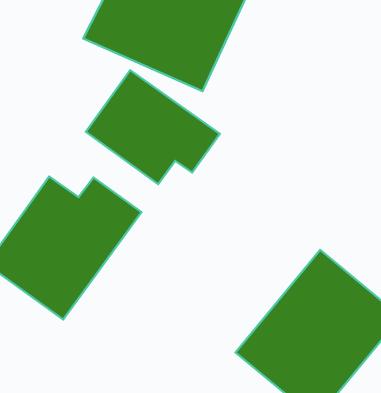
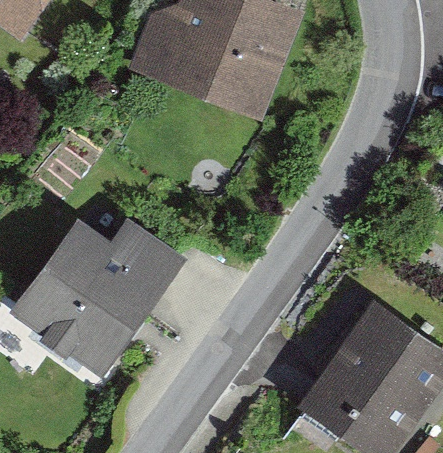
building: [86,70,220,184] -> none

